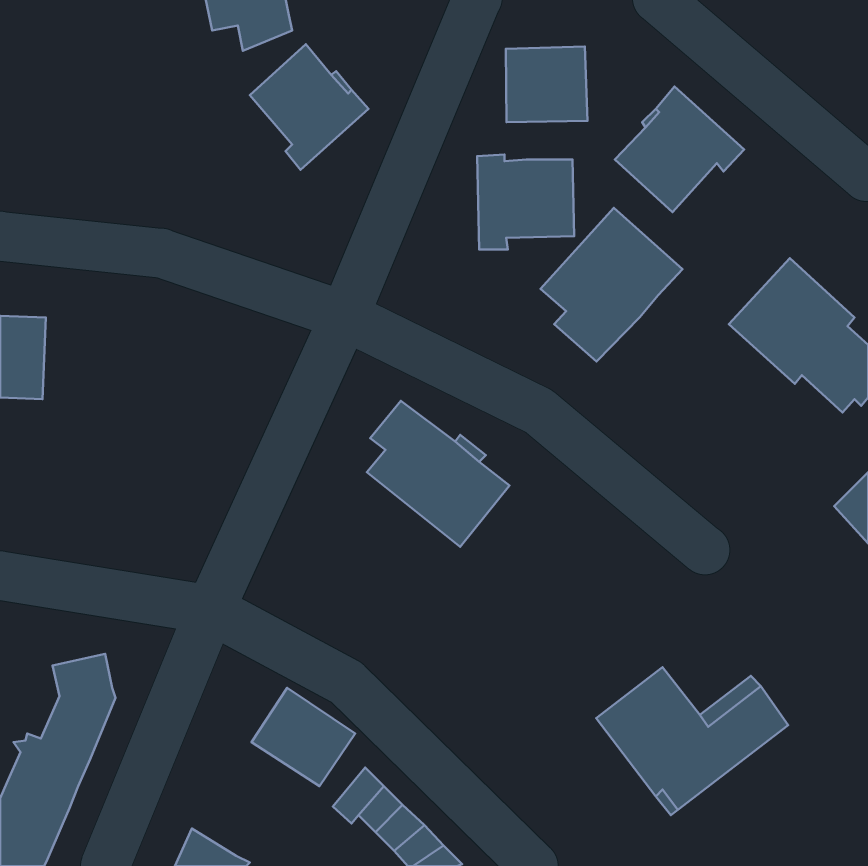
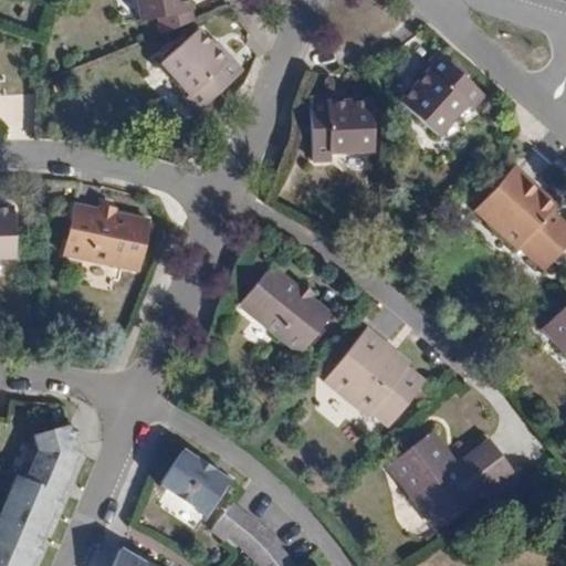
building: [506,47,587,122] -> none
building: [541,208,682,362] -> none
building: none -> [64,205,147,269]
building: none -> [324,331,424,428]

